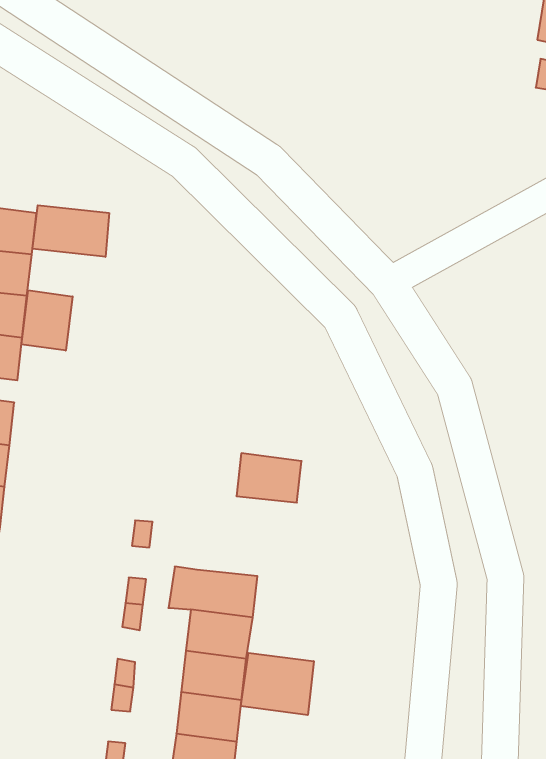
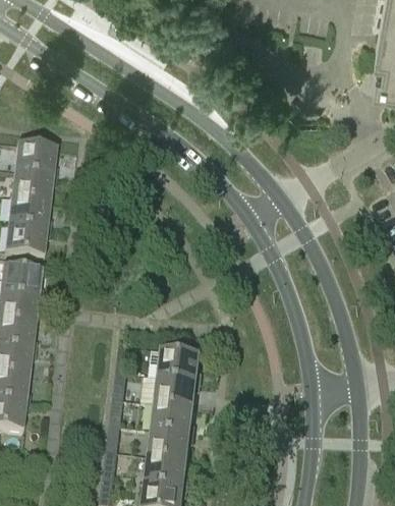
building: [32,205,109,257] -> none
building: [21,290,73,351] -> none
building: [236,453,302,503] -> [160,347,202,379]
building: [241,653,314,715] -> none

